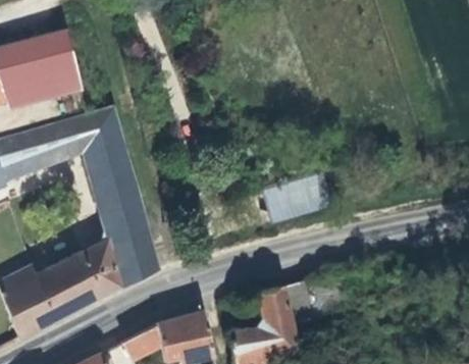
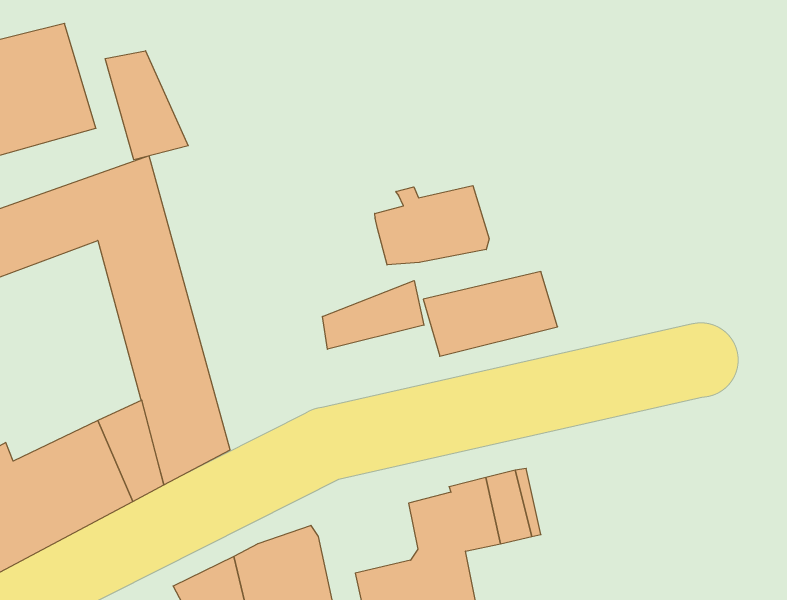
building: none -> [105,51,188,160]
building: none -> [375,186,489,265]
building: none -> [322,281,424,349]

